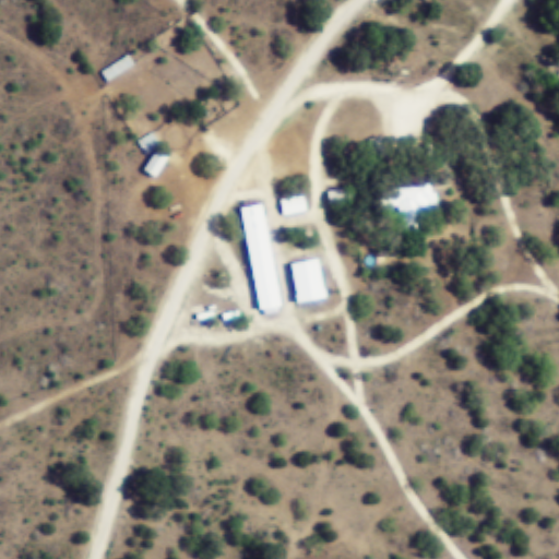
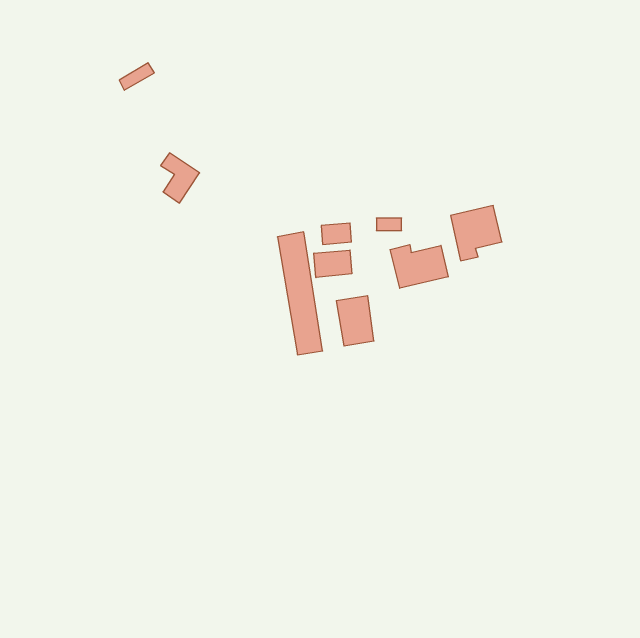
building: none -> [390,245,448,288]
building: none -> [314,250,352,278]

